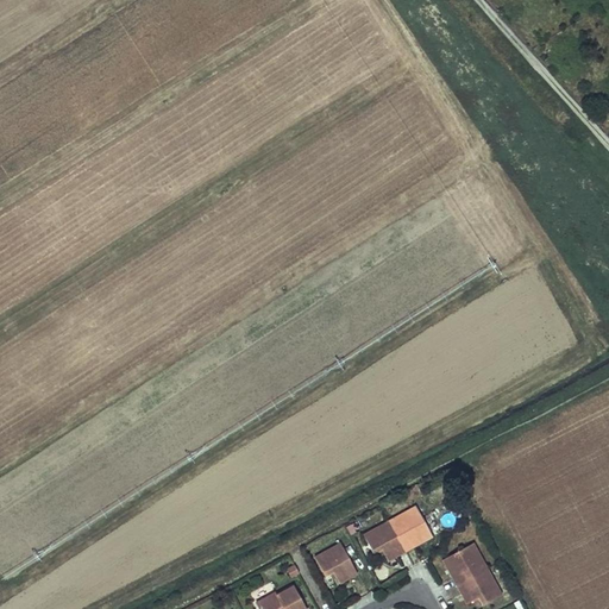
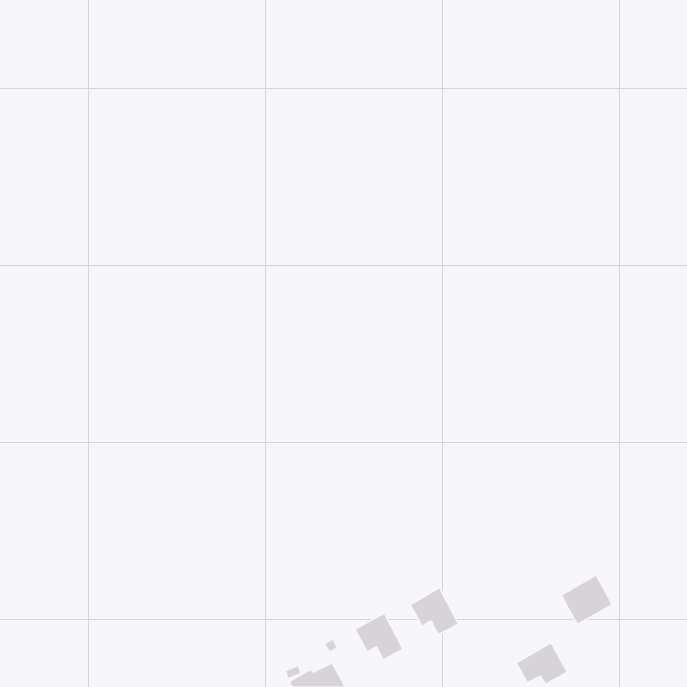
building: [389,506,432,552] -> none
building: [442,542,488,586] -> [561,575,612,625]

